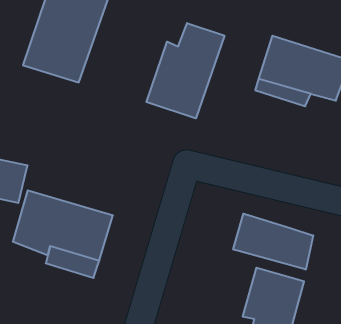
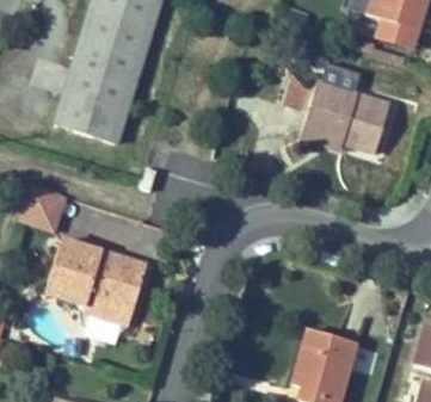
building: [146,23,224,118] -> none
building: [233,214,313,270] -> none

